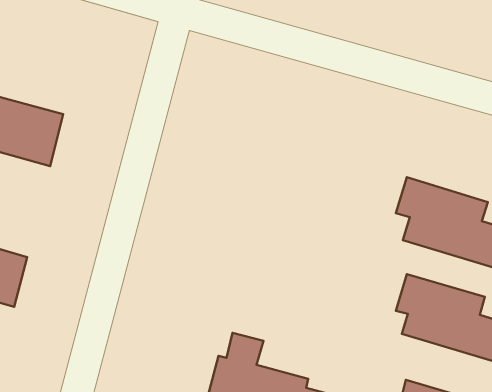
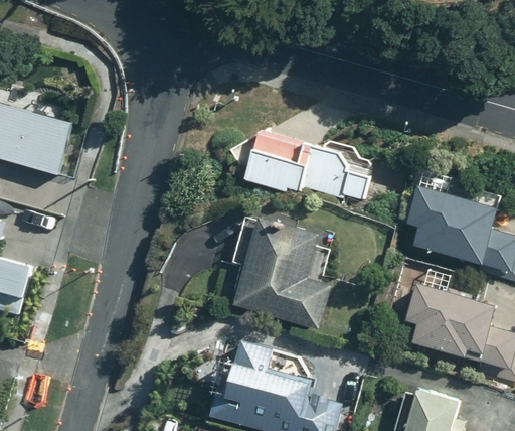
building: none -> [243,131,372,201]
building: none -> [231,216,331,329]

